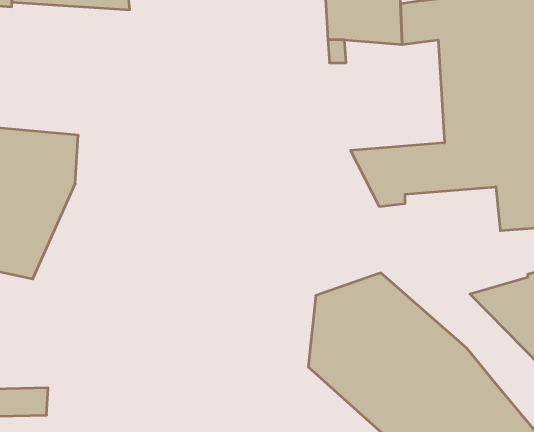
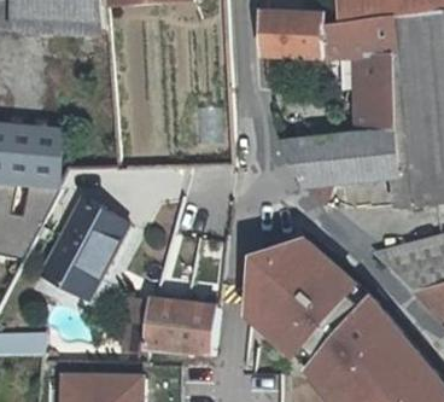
building: none -> [39,198,124,297]
building: none -> [117,296,215,355]

